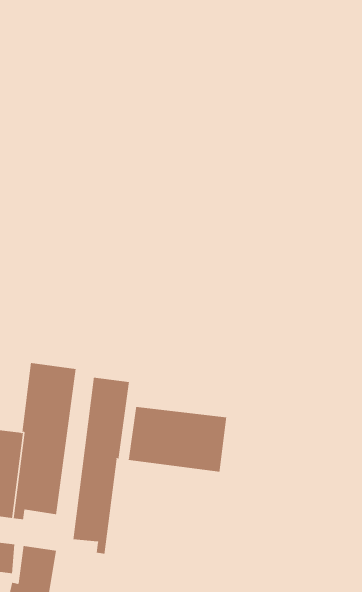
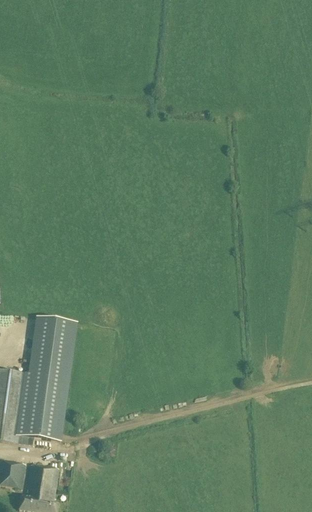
building: [73,377,129,554] -> none
building: [128,406,227,473] -> none

